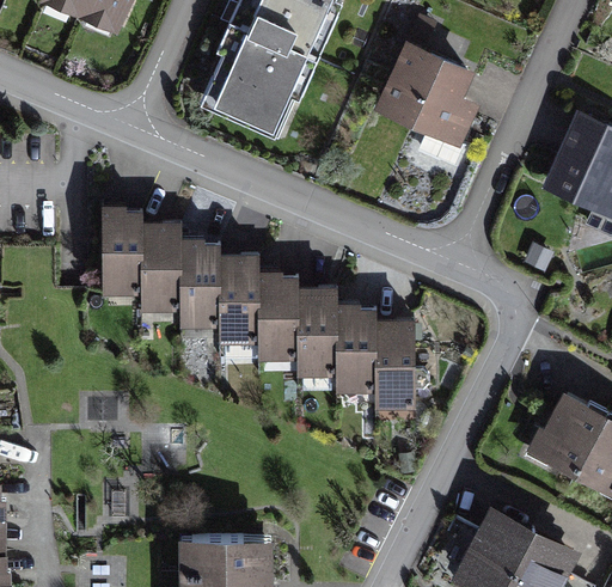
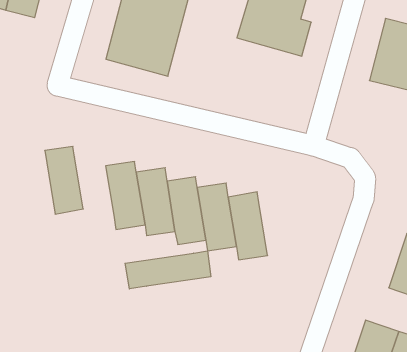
building: [139,226,179,313] -> none
building: [374,324,414,410] -> none
building: none -> [125,251,211,289]

